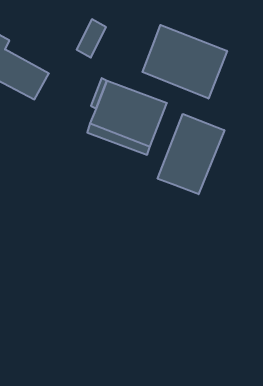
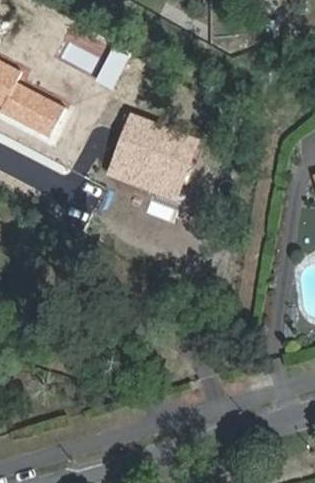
building: [142,25,227,99] -> none
building: [158,114,224,194] -> none

